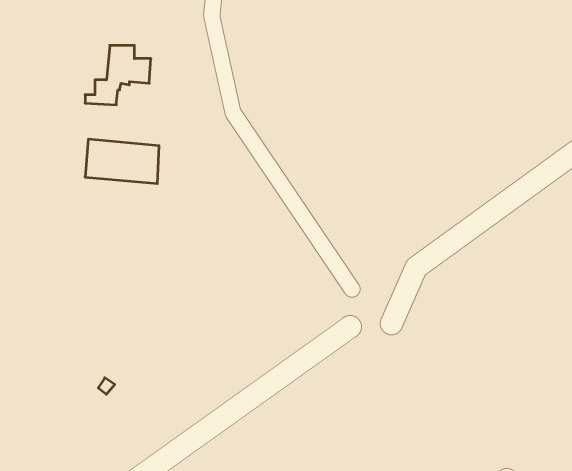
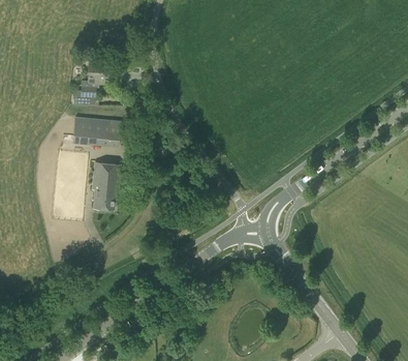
building: none -> [92,161,120,209]

